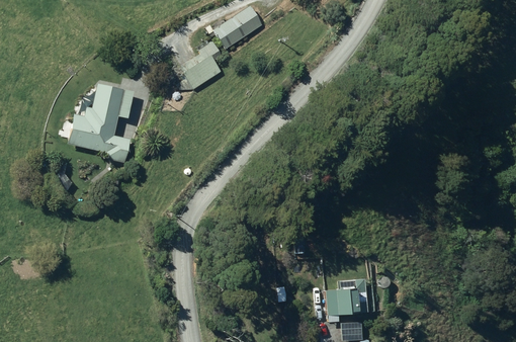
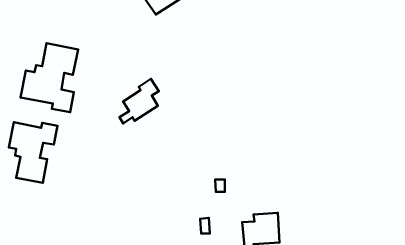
building: [176,40,222,92] -> [120,79,159,123]
building: none -> [9,122,58,183]

